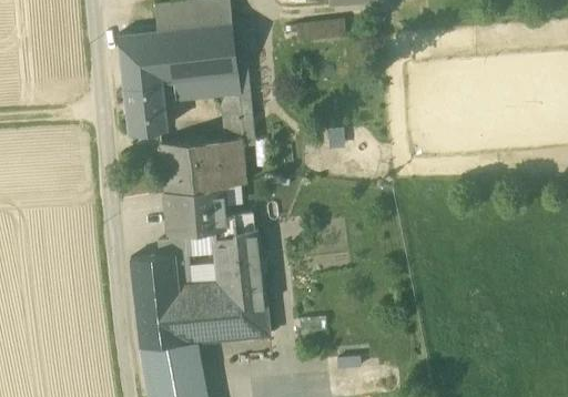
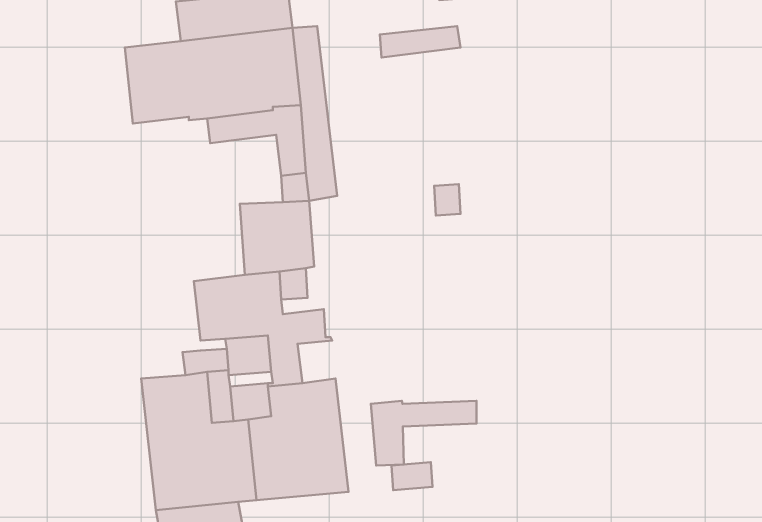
building: [124,83,168,134] -> none
building: [161,142,200,194] -> none
building: [235,234,261,263] -> none
building: none -> [371,401,477,465]

